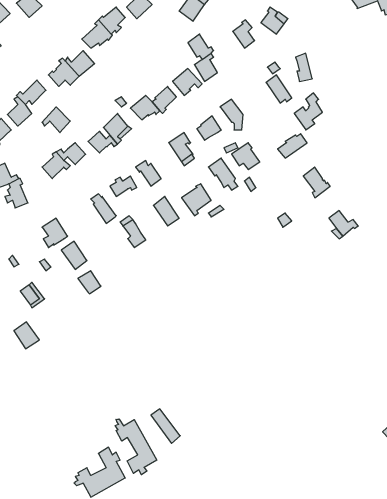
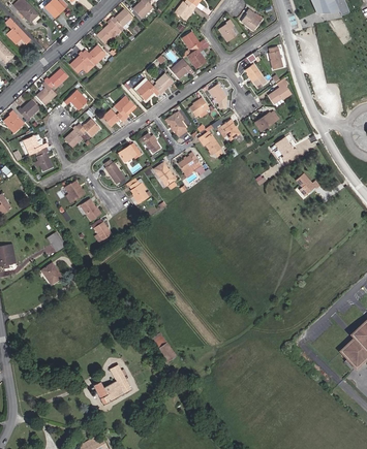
building: [115,419,157,475] -> none

